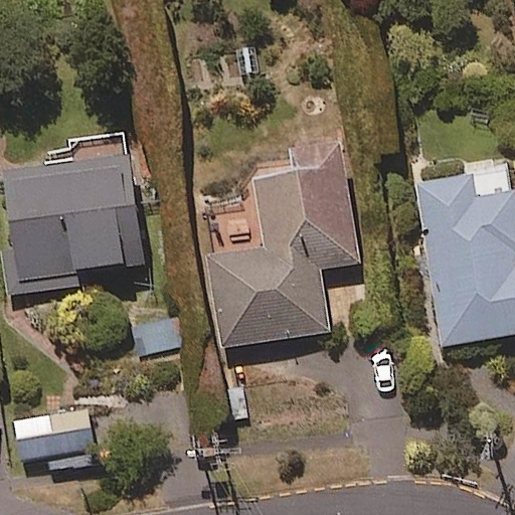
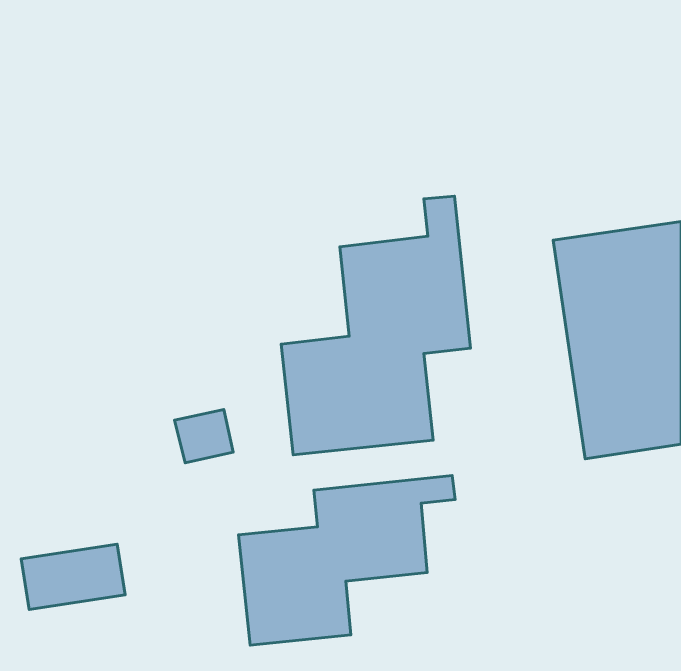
building: [4,132,142,289] -> none
building: none -> [238,476,455,645]

